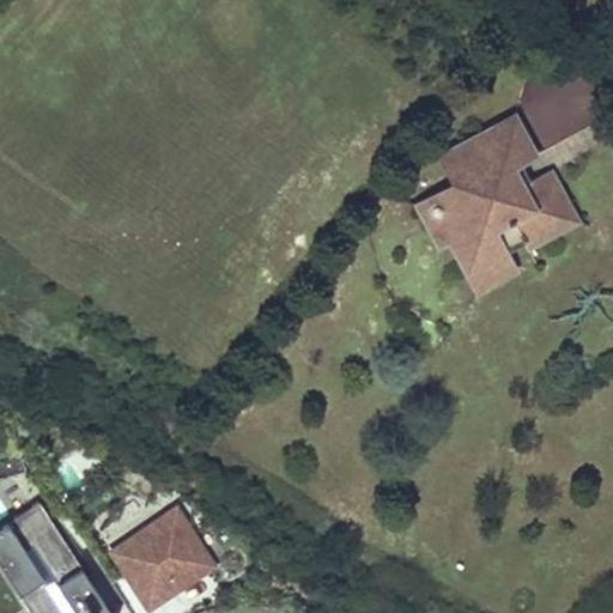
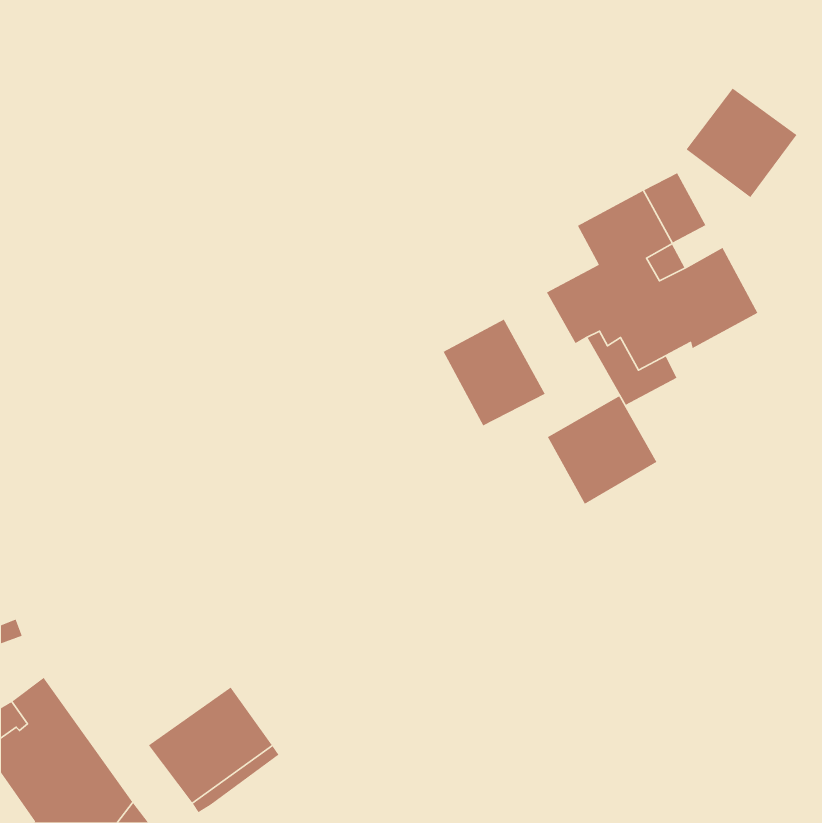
building: none -> [443,319,546,427]
building: none -> [547,395,657,505]

